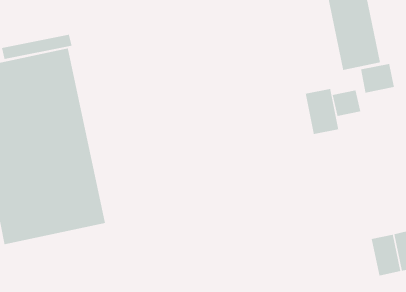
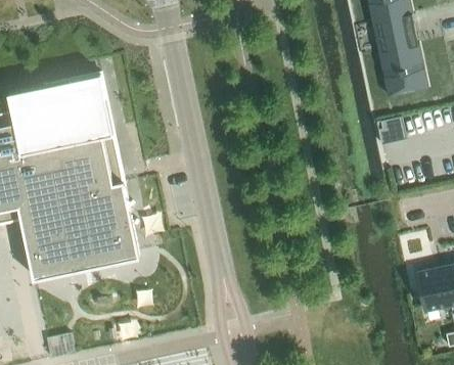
building: [360,63,394,93] -> none
building: [305,88,339,135] -> none

